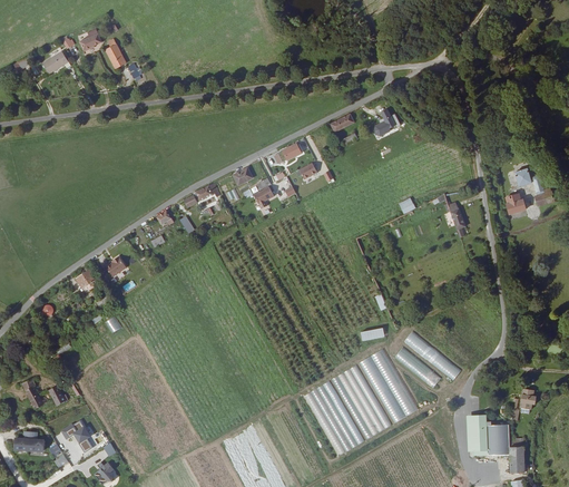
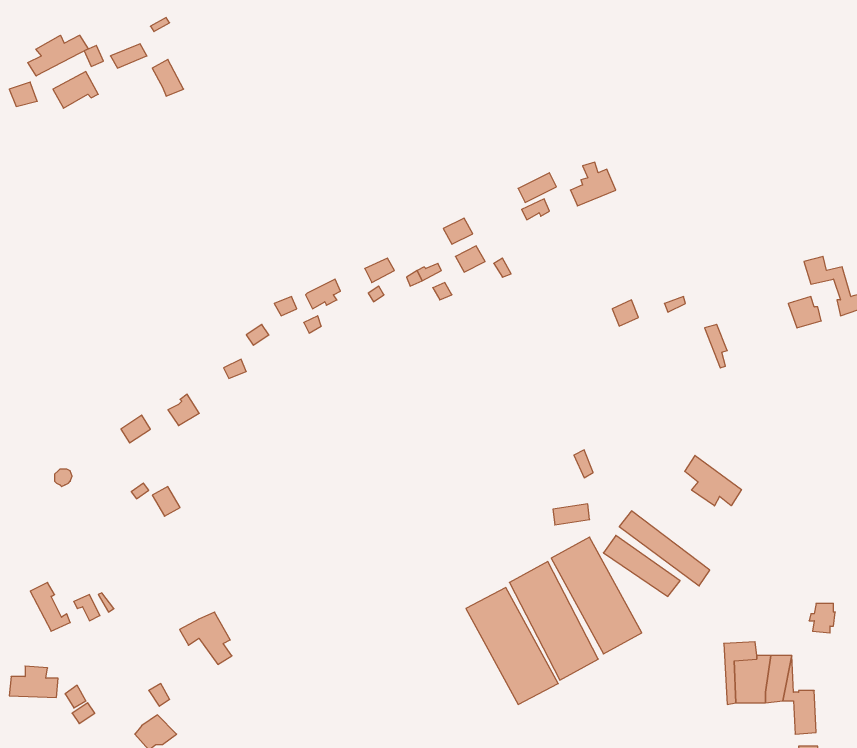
building: none -> [28,35,88,76]
building: none -> [685,455,741,506]
building: [59,418,92,451] -> [180,612,232,664]

